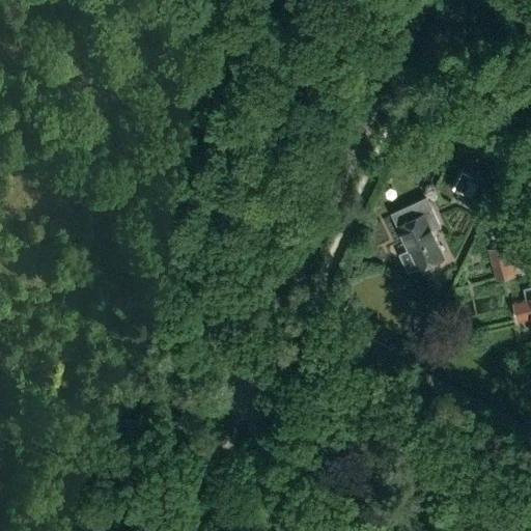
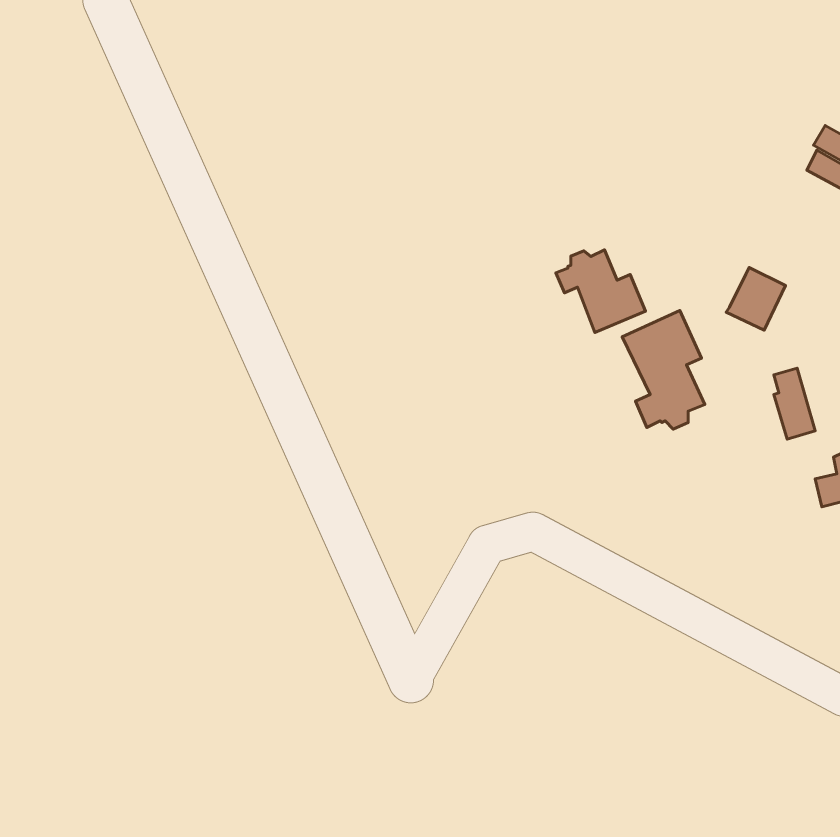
building: none -> [556,250,646,332]

